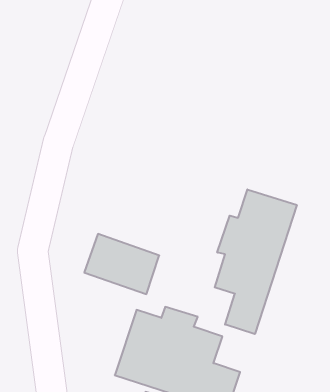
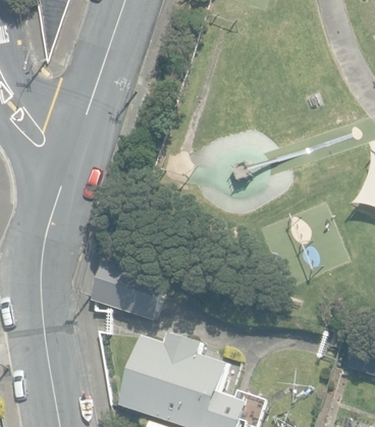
building: [215,189,297,334] -> none

